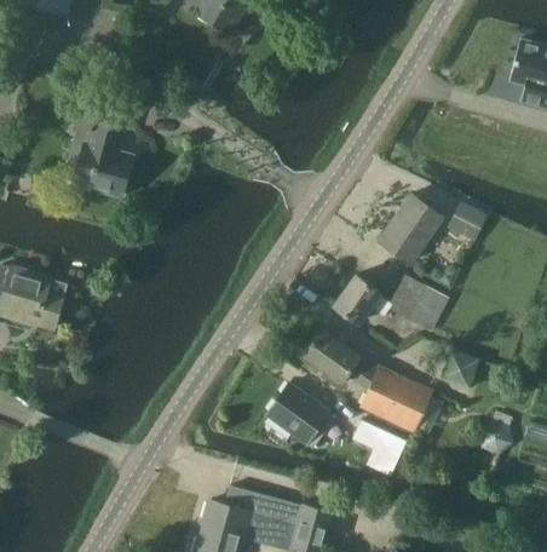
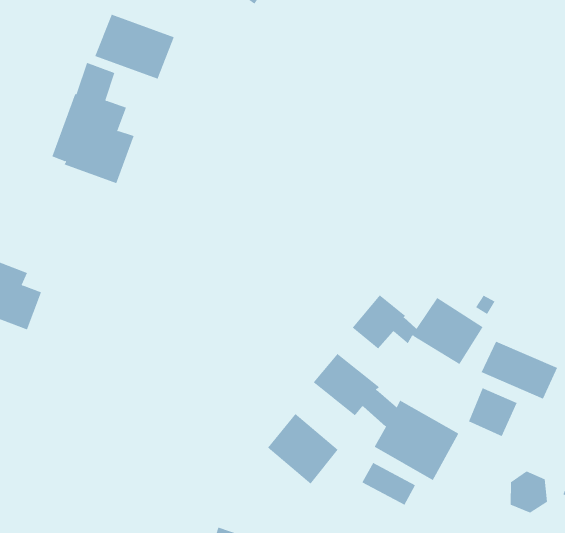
building: none -> [95,14,175,80]
building: [379,195,442,263] -> none
building: [448,203,488,241] -> none
building: none -> [481,341,558,399]

